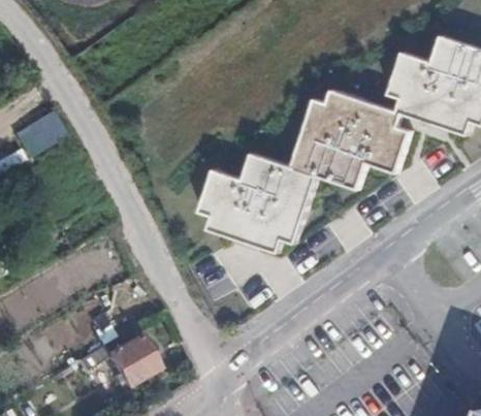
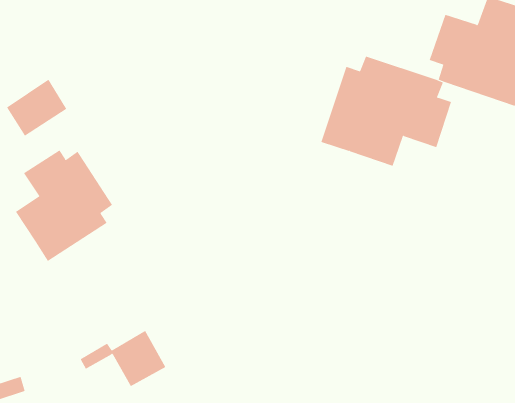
building: [197,152,316,252] -> none
building: none -> [15,150,113,262]

